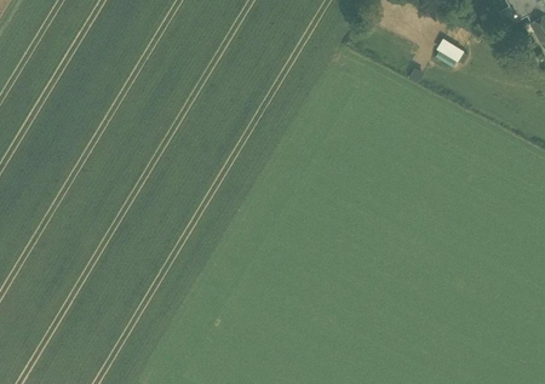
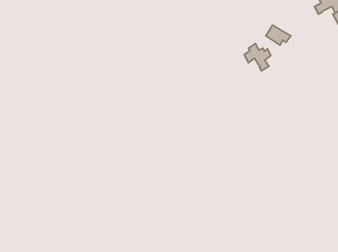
building: none -> [244,43,271,71]

